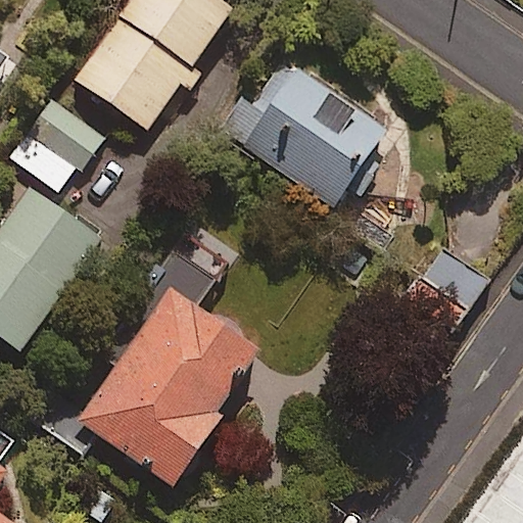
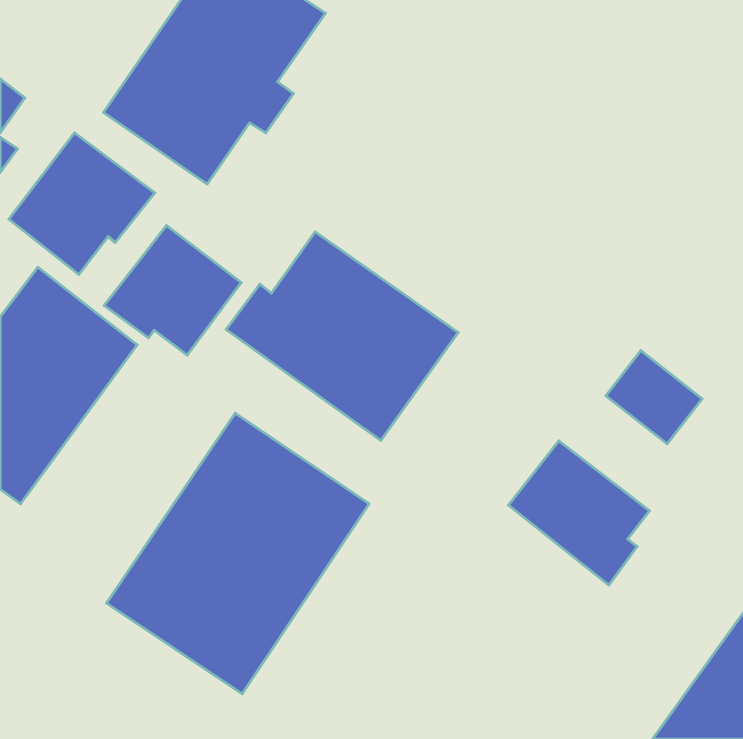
building: [223,59,385,205] -> [226,232,458,441]
building: none -> [104,225,241,355]
building: none -> [508,441,650,585]

